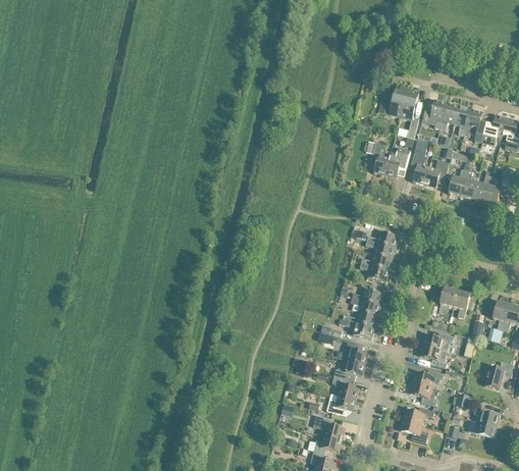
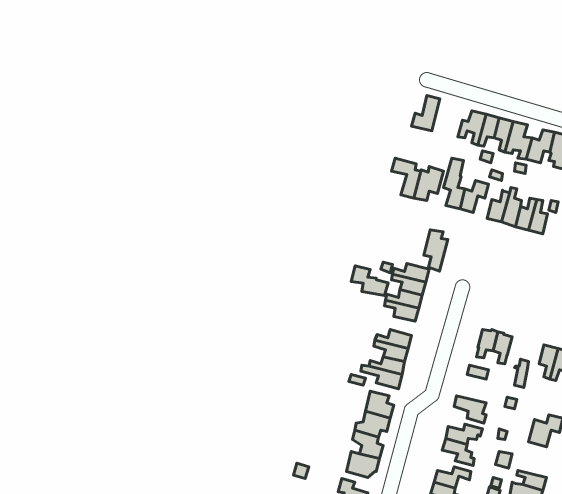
building: [400,89,418,138] -> none
building: none -> [424,230,448,271]
building: none -> [351,266,388,296]
building: [421,331,454,351] -> none

